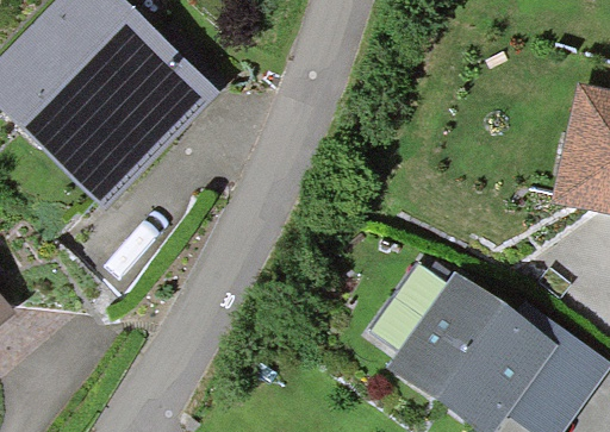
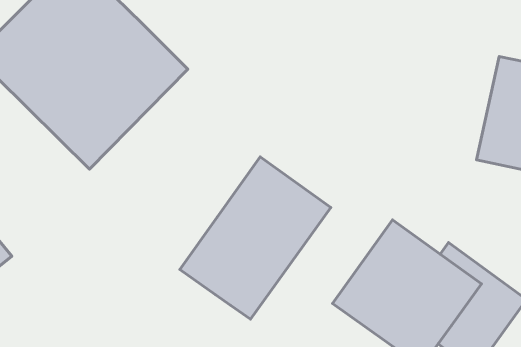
building: none -> [180,157,331,319]

